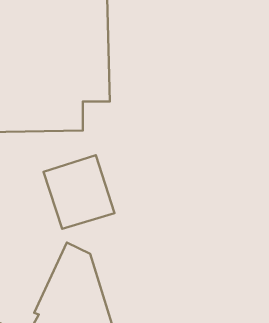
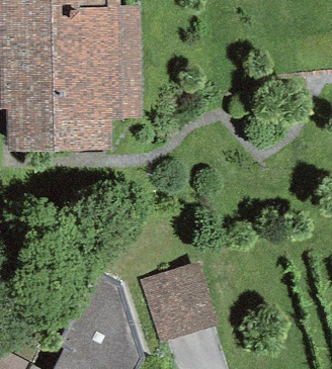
building: [43,155,115,229] -> [142,261,219,341]

